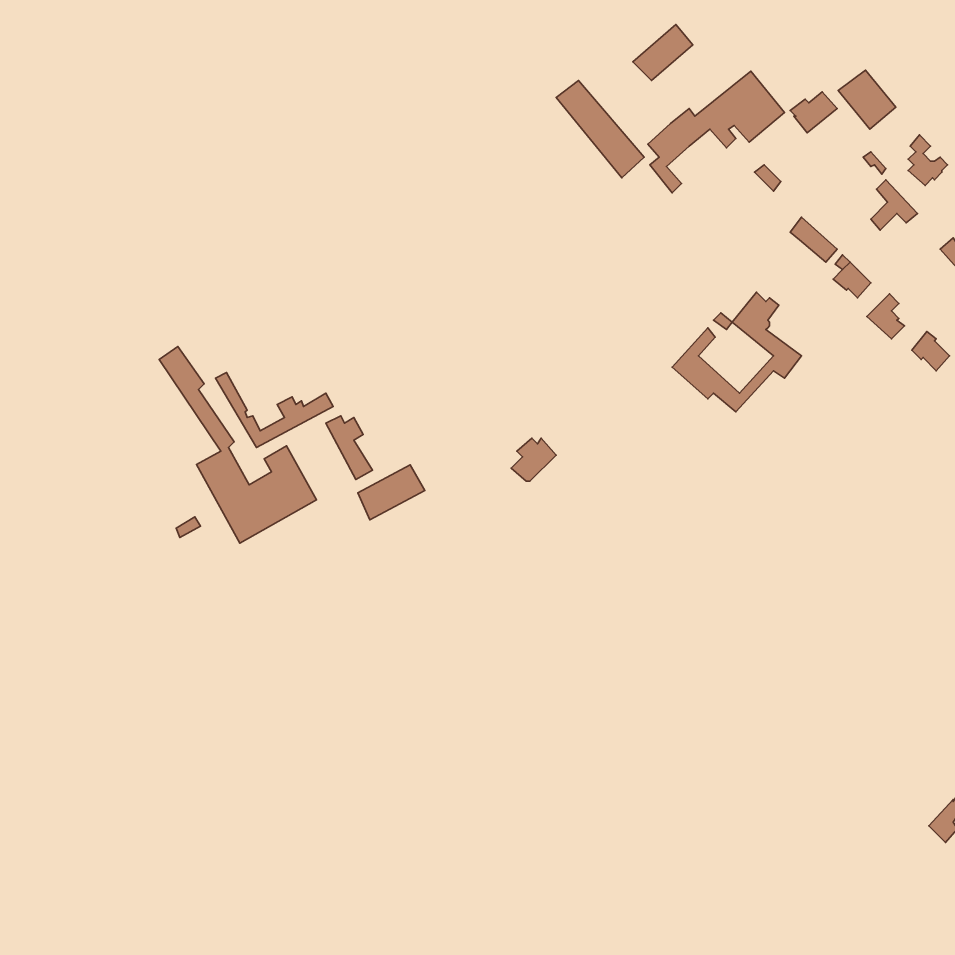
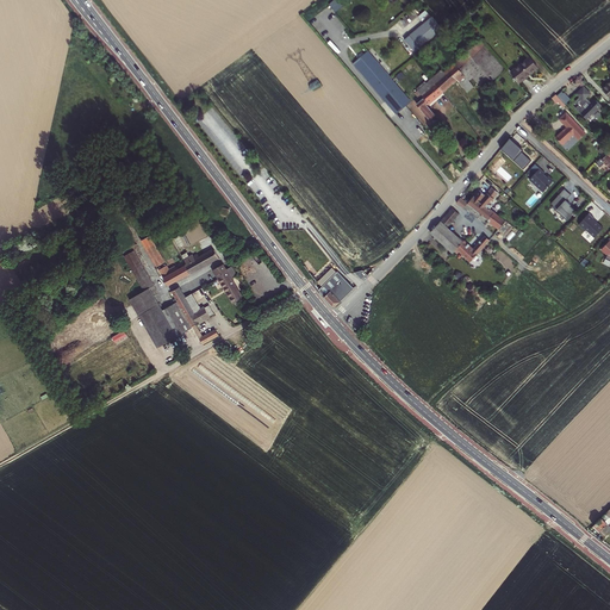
building: [838,70,896,129] -> none
building: [358,465,425,520] -> none

